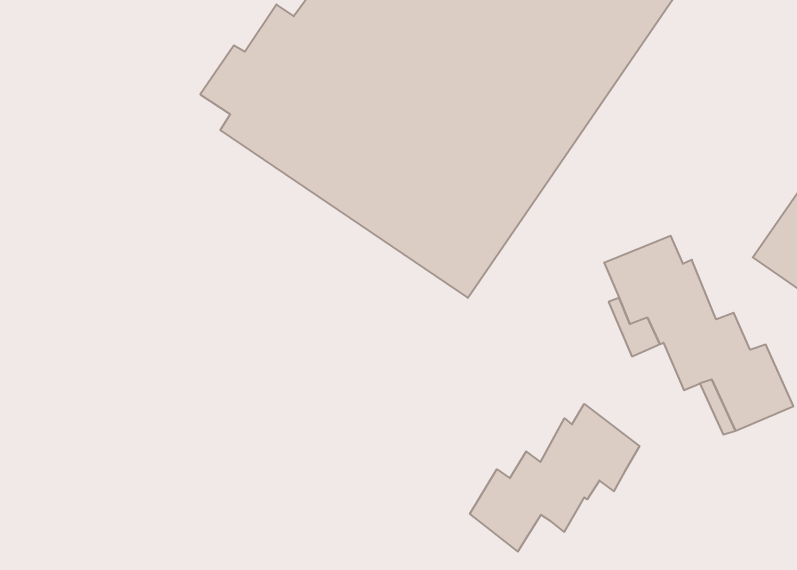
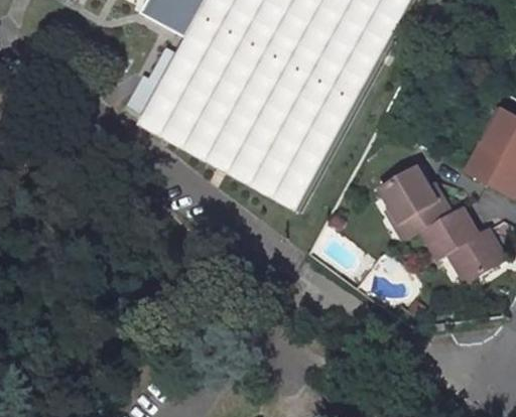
building: [470,404,639,552] -> none

